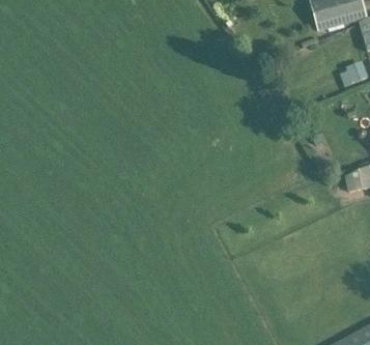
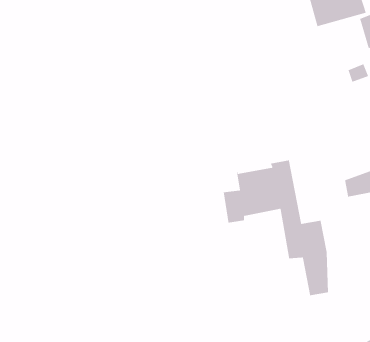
building: none -> [223,160,329,296]

